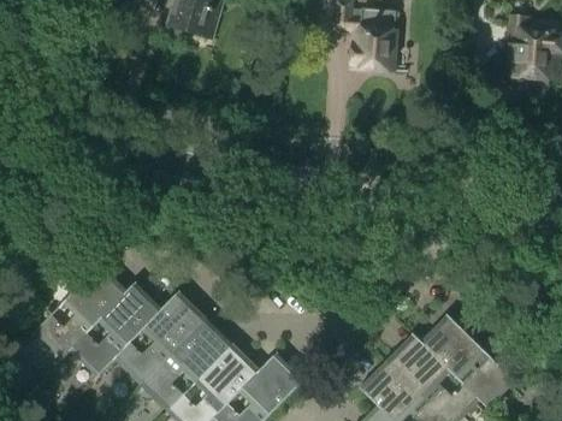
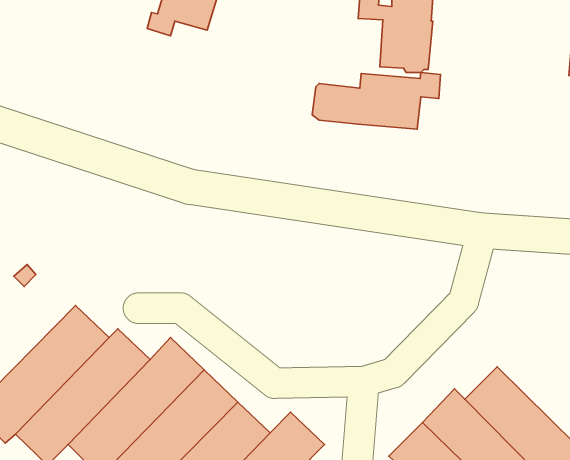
building: none -> [312,73,440,129]

